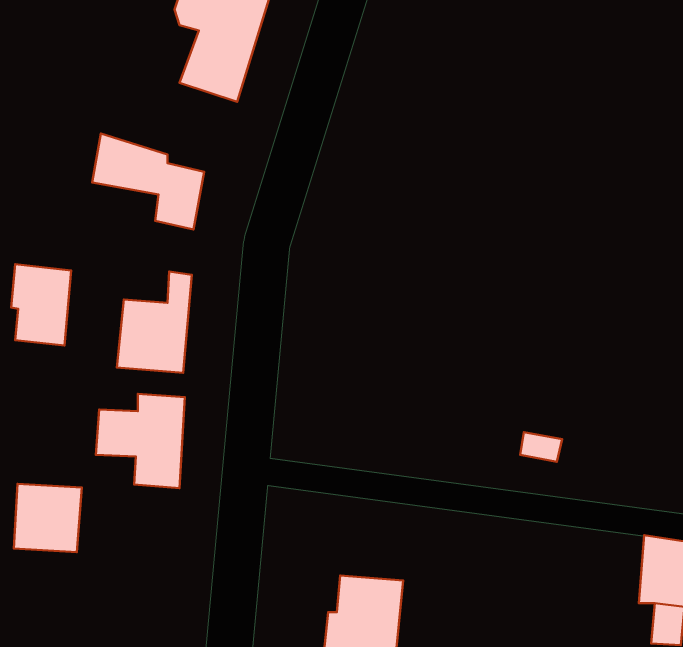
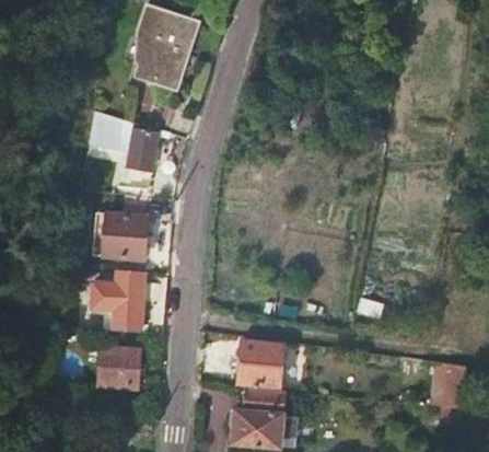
building: [11,264,71,345] -> none
building: [14,484,82,552] -> [101,347,143,390]
building: none -> [236,339,280,386]

